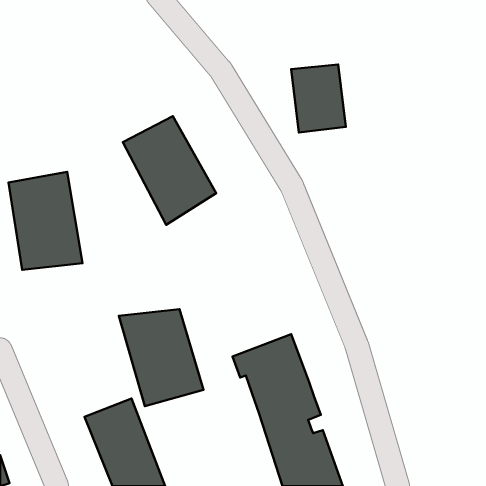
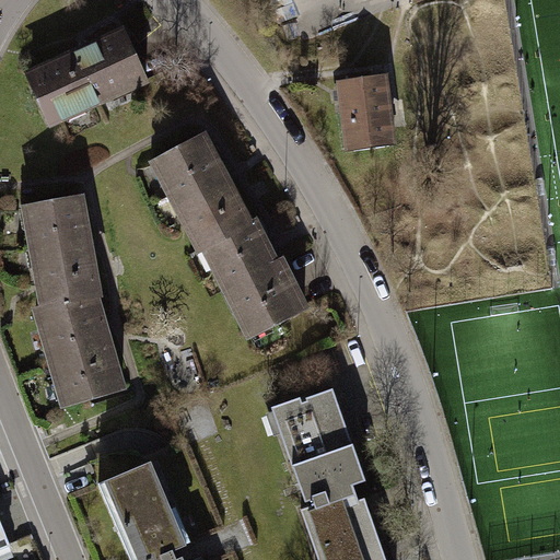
building: none -> [22,24,150,129]
building: none -> [195,220,305,343]
building: [119,309,203,406] -> [31,300,127,410]

